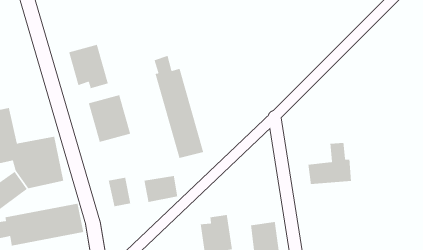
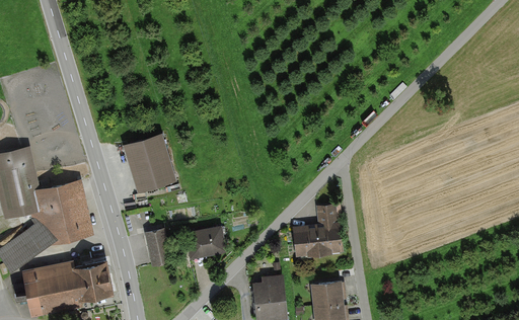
building: [68,44,109,89] -> none
building: [154,55,204,159] -> none
building: [308,142,352,185] -> [294,206,346,255]

